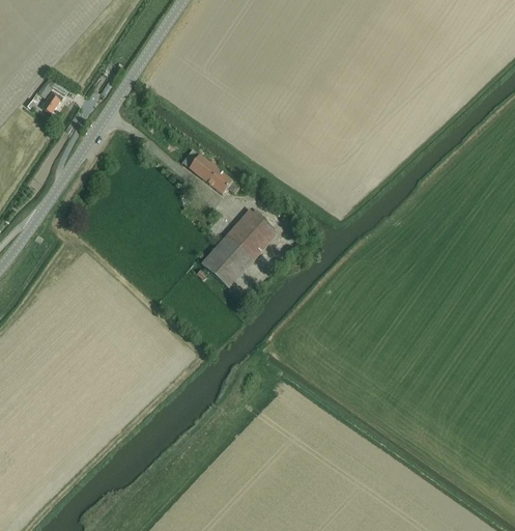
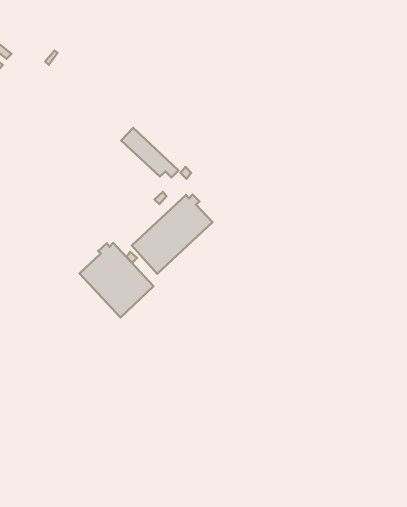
building: none -> [80,243,153,317]

